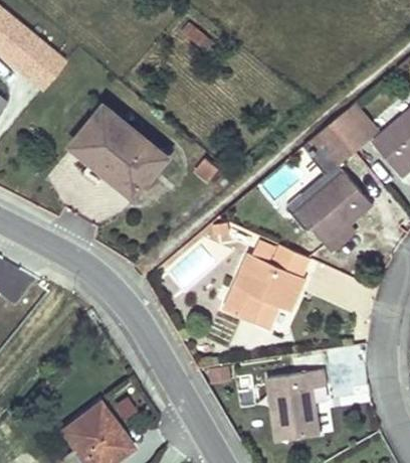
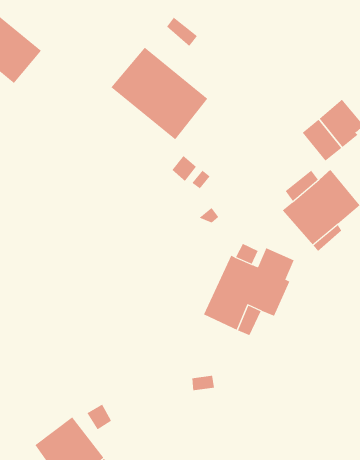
building: [72,108,165,196] -> [111,47,208,140]
building: [266,354,326,441] -> none

